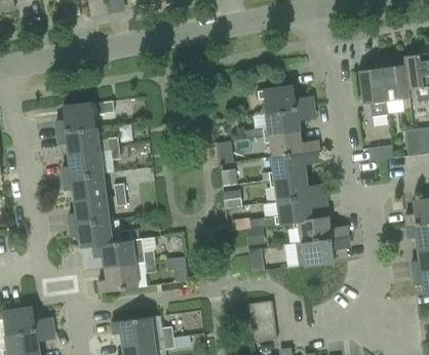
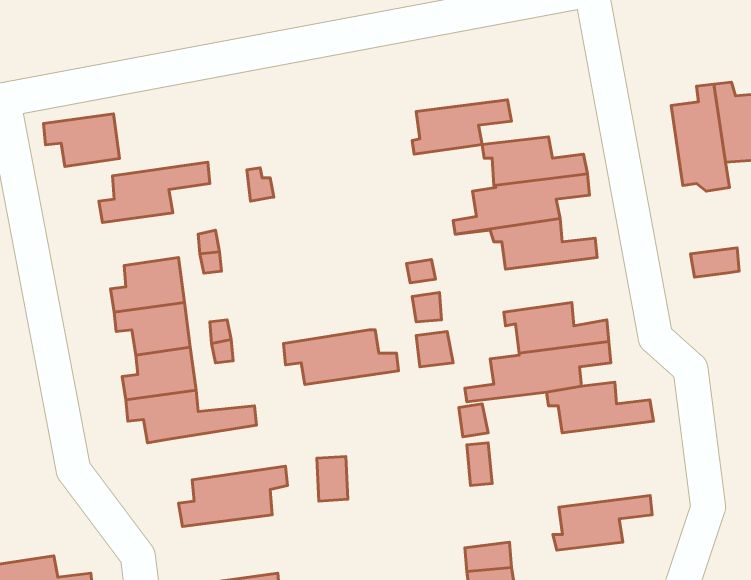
building: [59,127,99,155] -> [43,114,119,166]
building: [269,151,321,180] -> [412,100,511,154]
building: [298,237,350,266] -> [553,495,652,550]
building: [94,239,155,268] -> [284,330,398,384]

